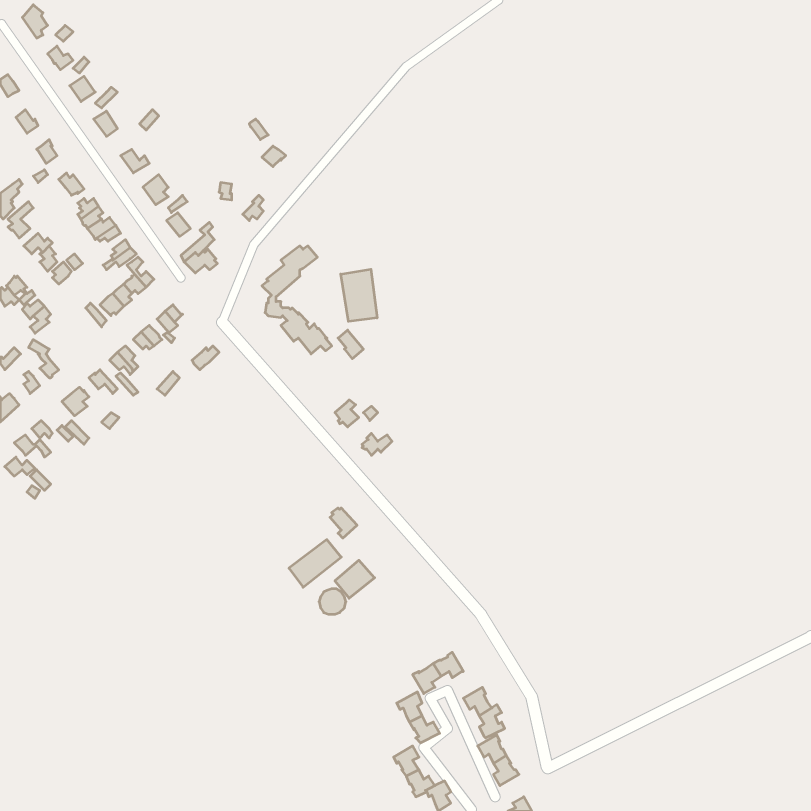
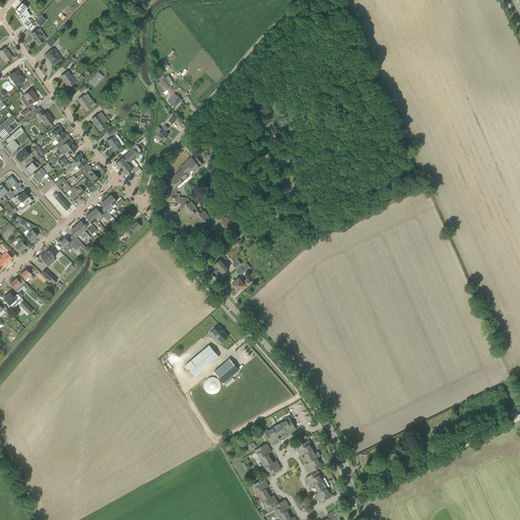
building: [341,269,377,321] -> none

